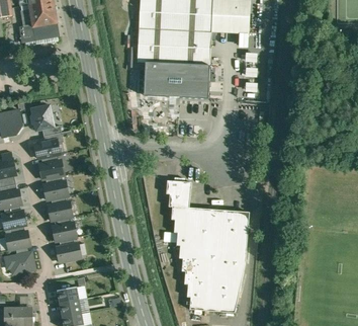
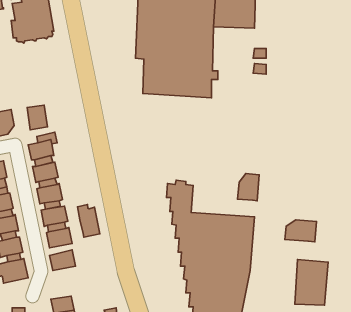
building: none -> [238,174,259,201]
building: none -> [78,204,100,237]
building: none -> [285,220,316,242]
building: none -> [295,259,328,305]

